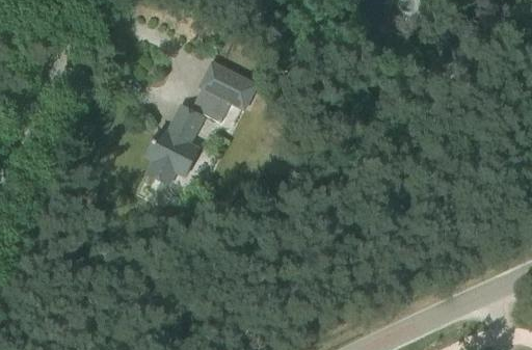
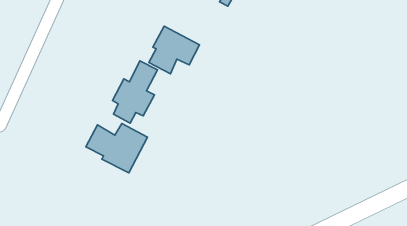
building: none -> [86,124,147,173]

